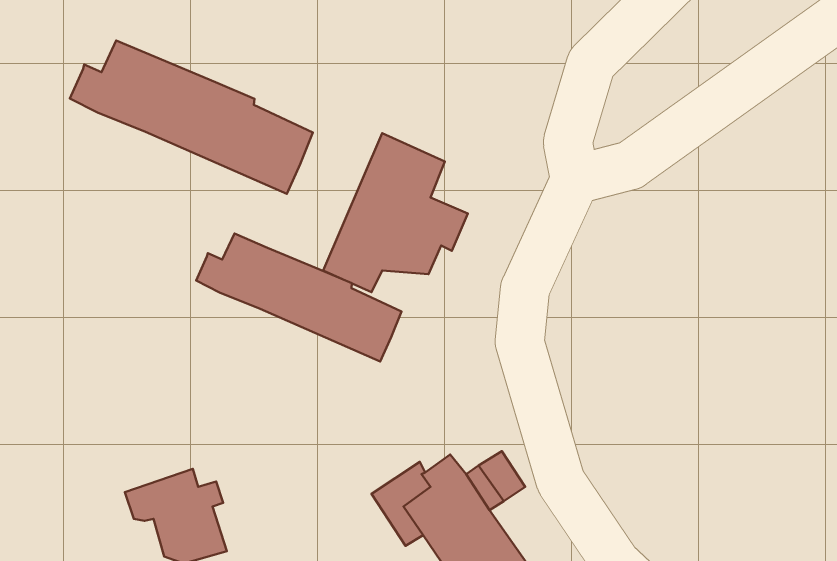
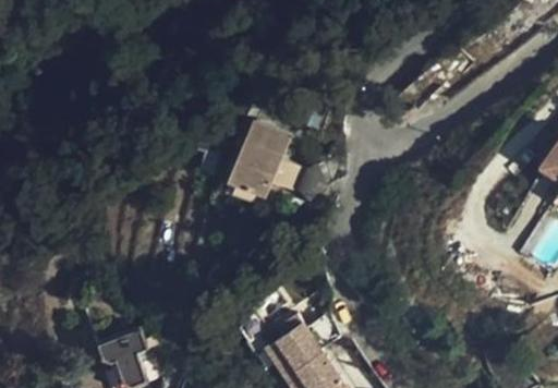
building: [70,40,313,194] -> none
building: [196,234,402,361] -> none

